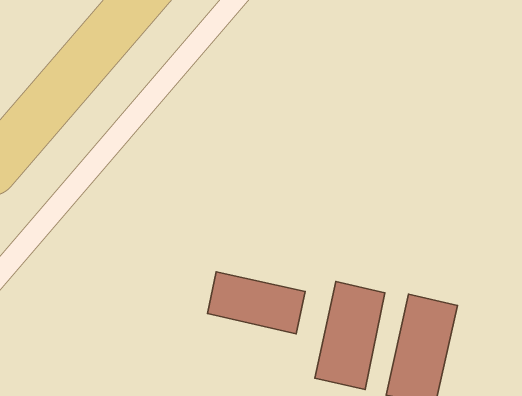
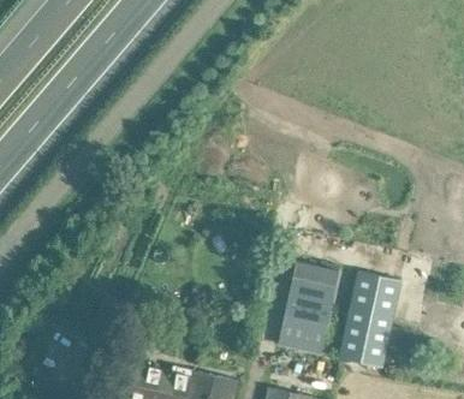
building: [208,272,305,334] -> none

